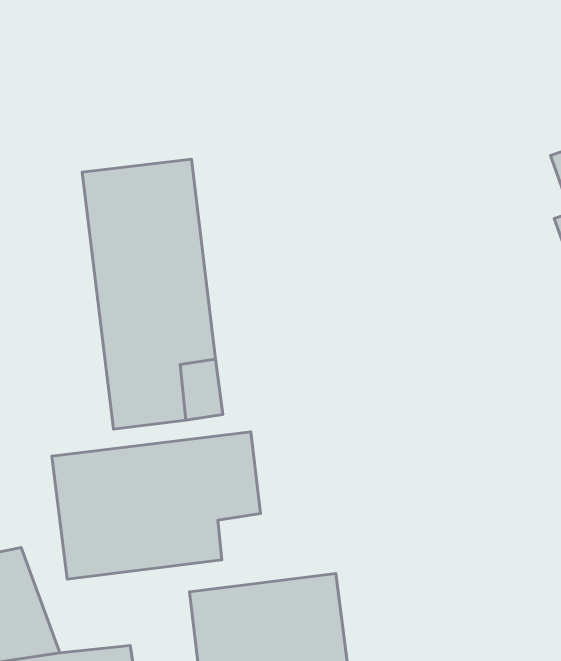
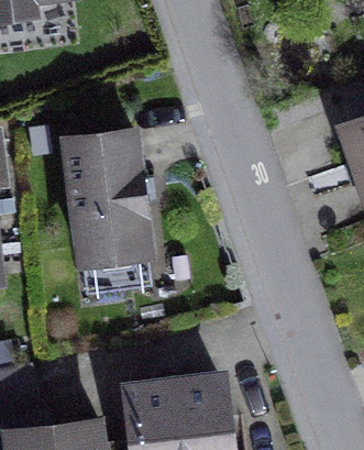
building: [52,432,261,579] -> none

